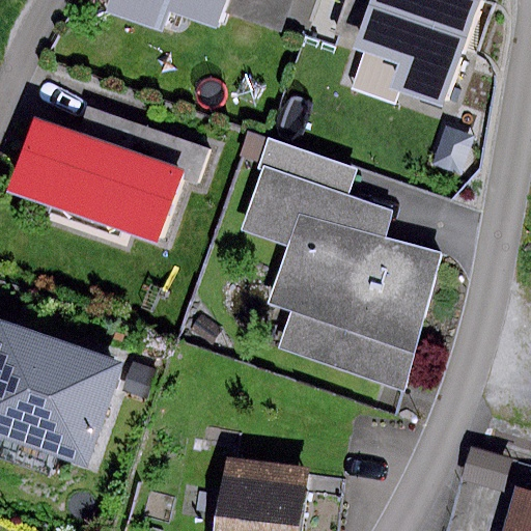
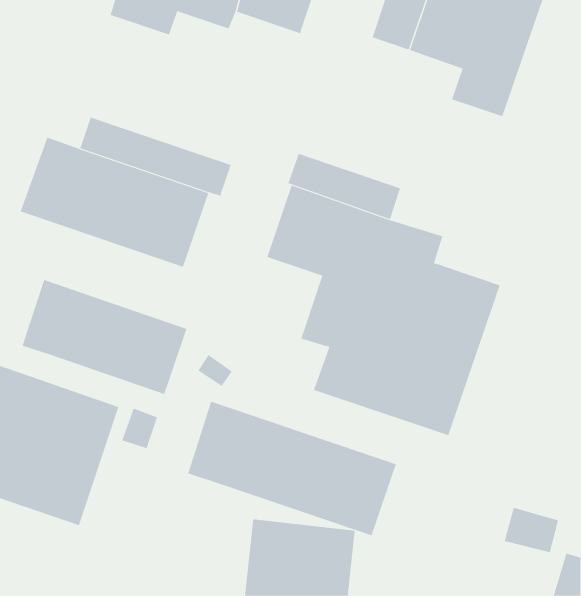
building: none -> [22,279,187,395]
building: none -> [187,401,396,536]

